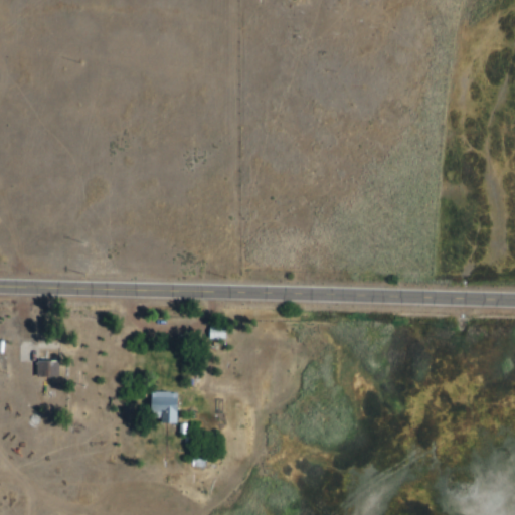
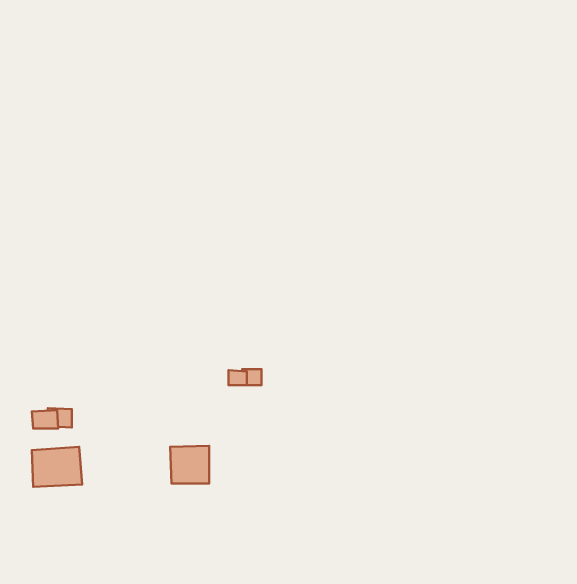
building: none -> [32,447,82,487]

